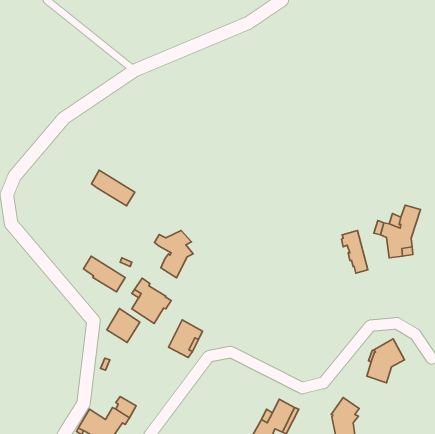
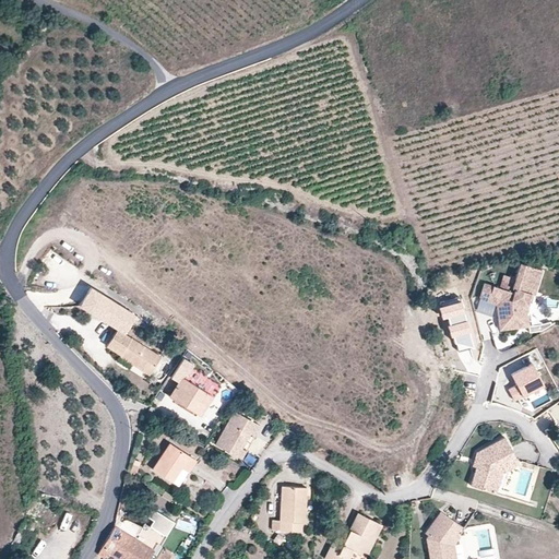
building: [92,170,135,206] -> [80,288,135,334]
building: [154,230,193,278] -> none
building: none -> [508,364,543,400]
building: [107,308,140,342] -> [153,443,195,487]
building: none -> [272,487,307,533]

